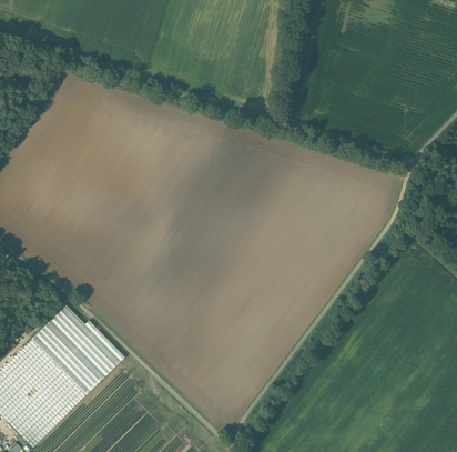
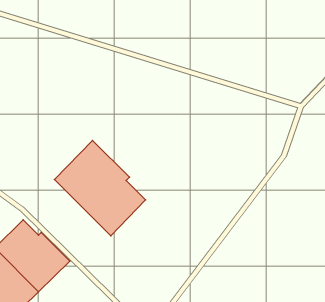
building: none -> [55,140,146,236]

